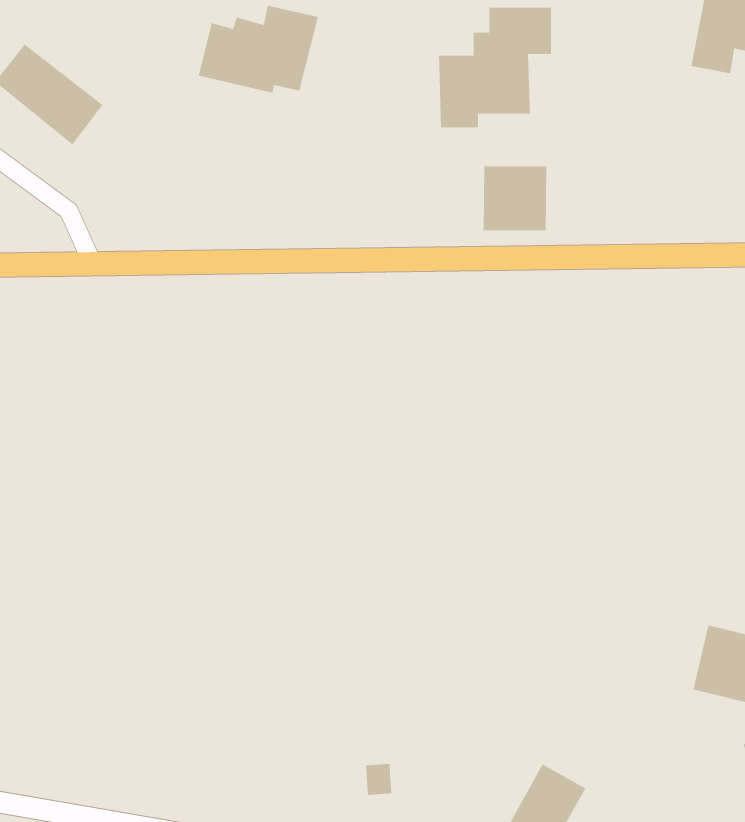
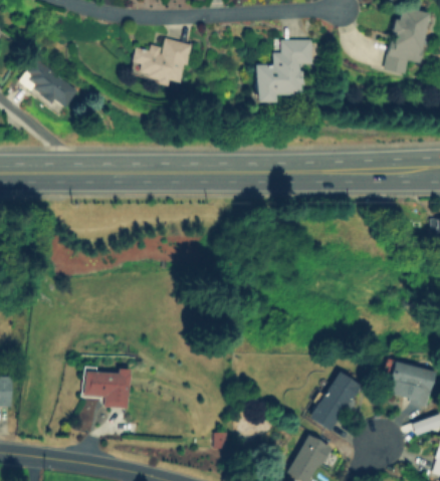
building: [483,165,547,231] -> none
building: none -> [82,369,132,408]
building: none -> [311,370,363,432]

